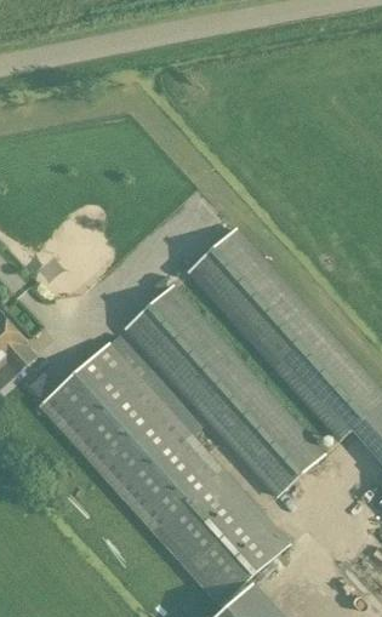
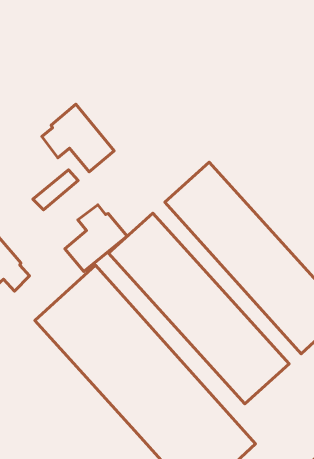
building: none -> [42,104,114,172]
building: none -> [65,205,127,272]

